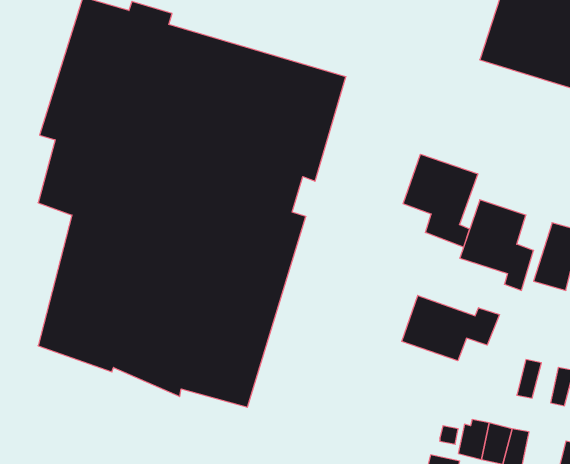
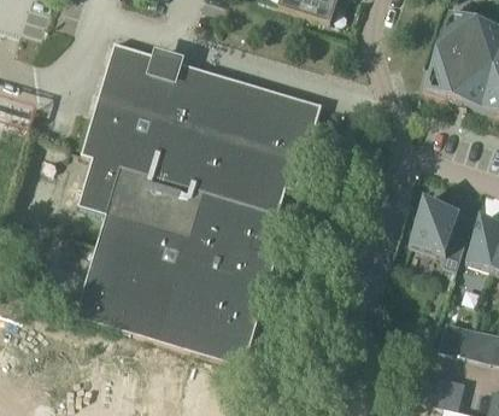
building: [403,154,478,247] -> none
building: [402,295,499,361] -> none

